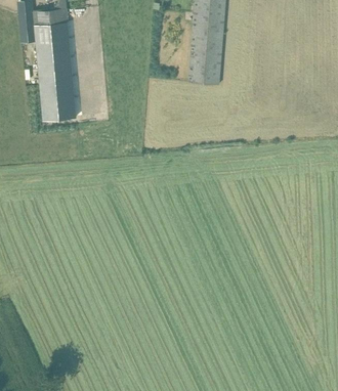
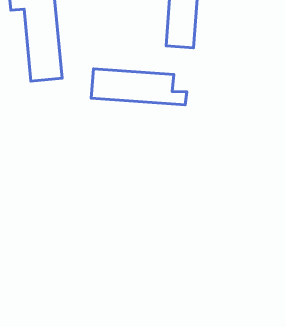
building: none -> [91,69,187,105]

